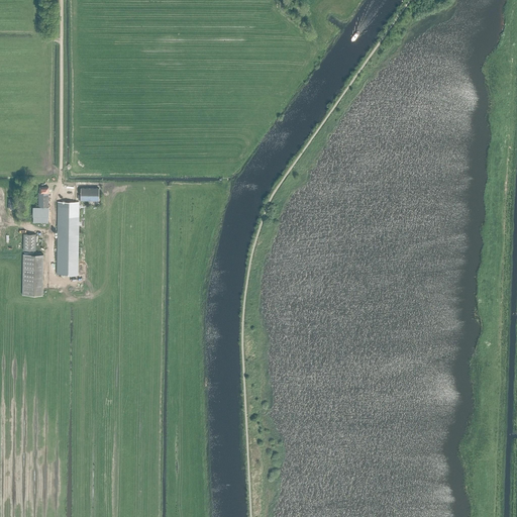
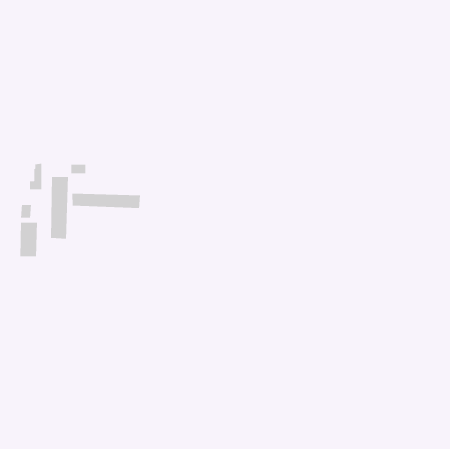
building: none -> [72,193,141,209]

